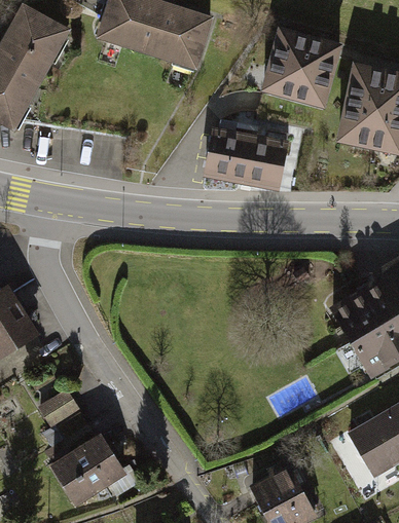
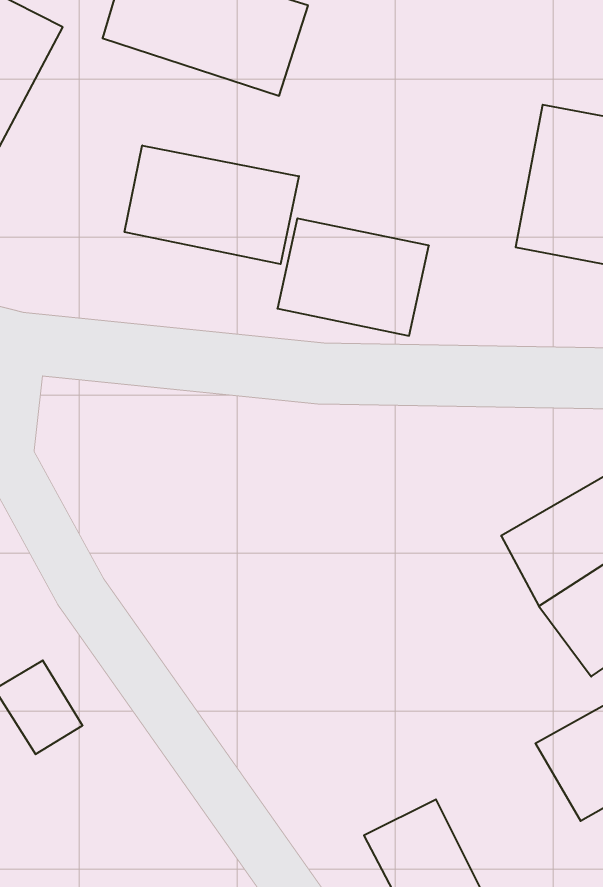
building: [260,30,341,112] -> none
building: none -> [125,145,299,264]
building: [47,428,122,499] -> none

